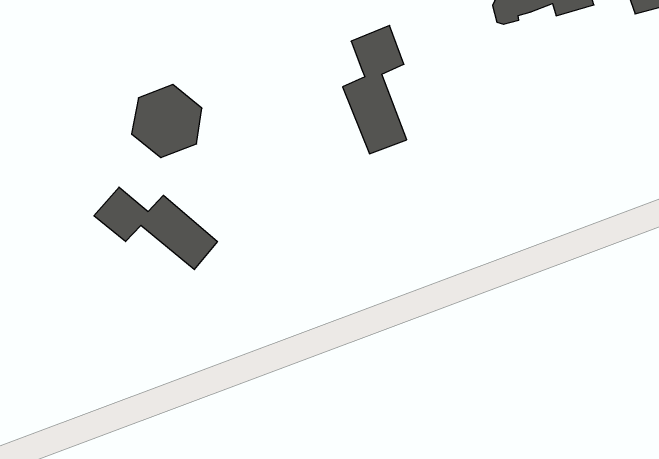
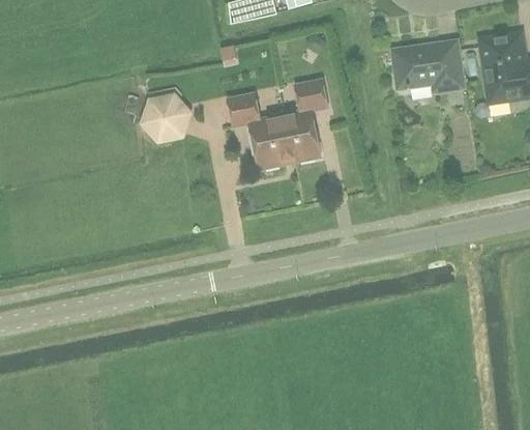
building: none -> [230,92,297,167]
building: [94,187,217,270] -> none

